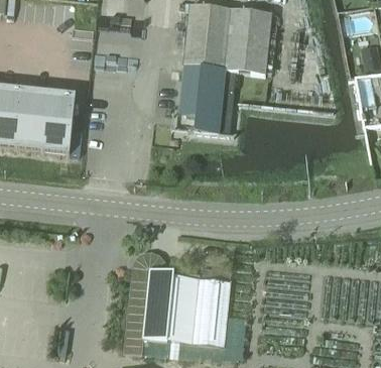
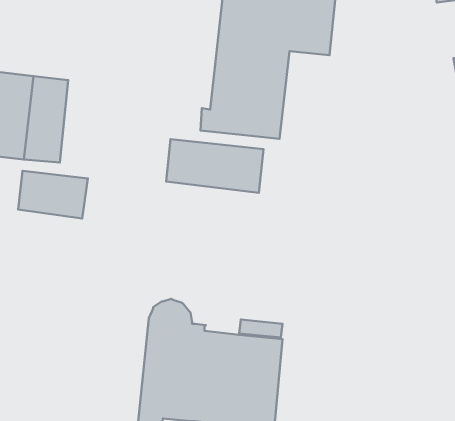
building: none -> [166,139,263,193]
building: none -> [18,171,88,218]

